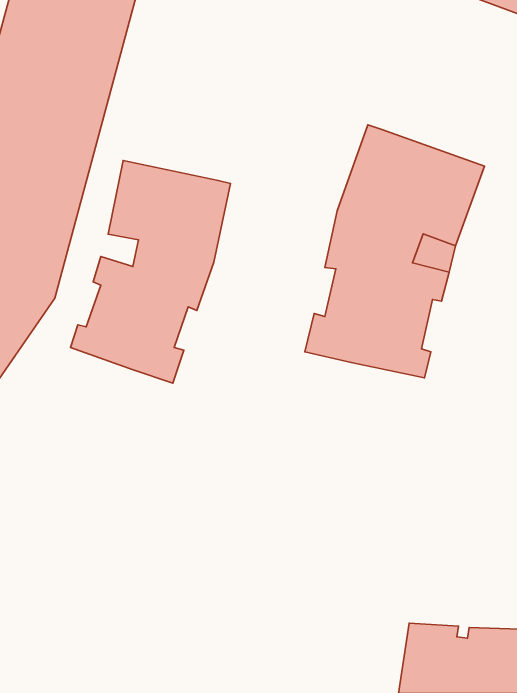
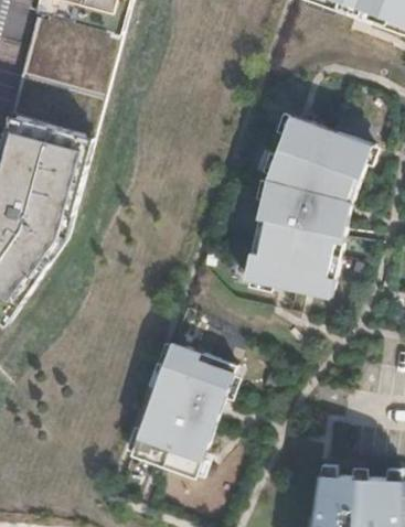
building: [70,161,231,383] -> none
building: none -> [131,340,237,476]

